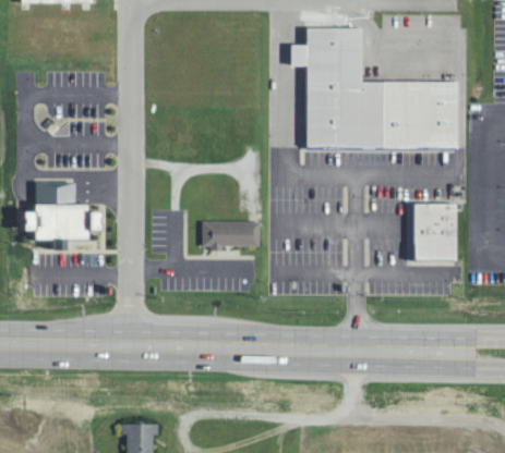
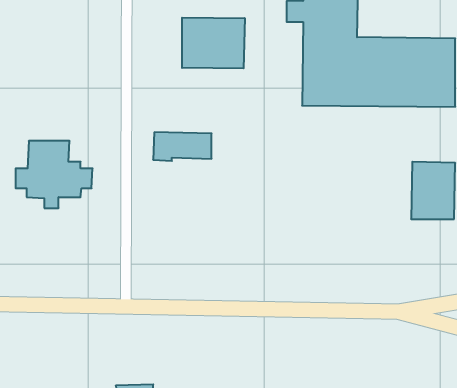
building: none -> [182,18,245,68]
building: [203,221,261,249] -> [153,132,212,161]

